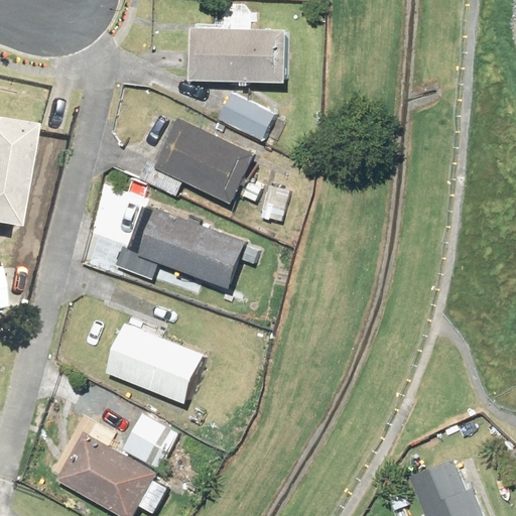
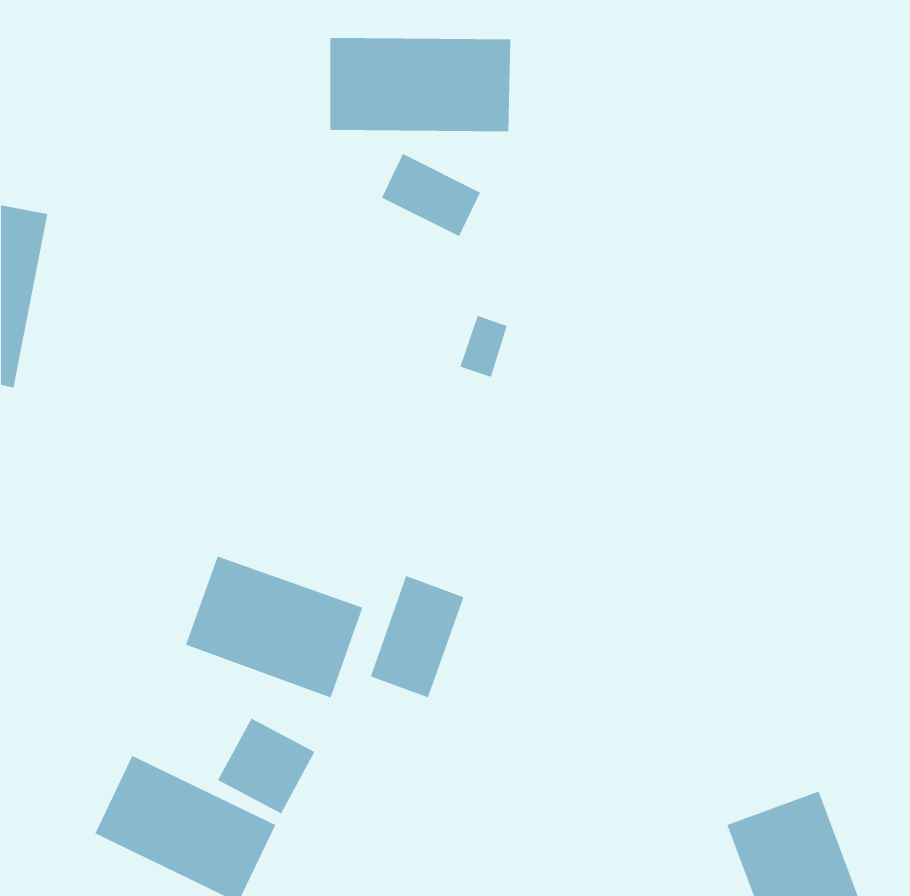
building: [138,119,255,206] -> none
building: [137,210,258,286] -> none
building: none -> [370,575,464,698]

